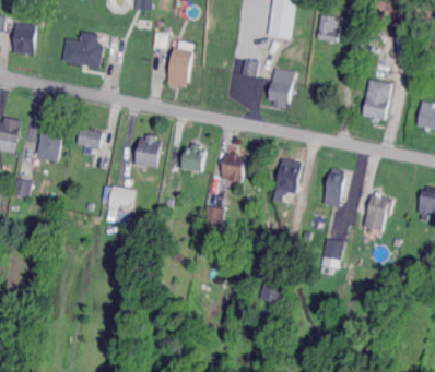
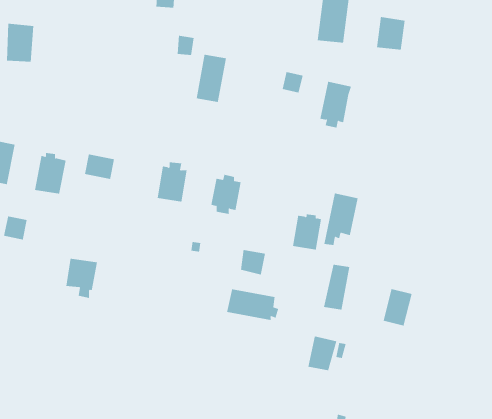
building: [63,32,105,68] -> none
building: [362,80,390,121] -> none
building: [221,152,245,181] -> [292,214,322,250]
building: [324,168,345,205] -> [323,264,350,310]
building: [109,185,136,218] -> [66,258,98,298]
building: [364,193,392,230] -> none
building: none -> [226,289,279,321]

